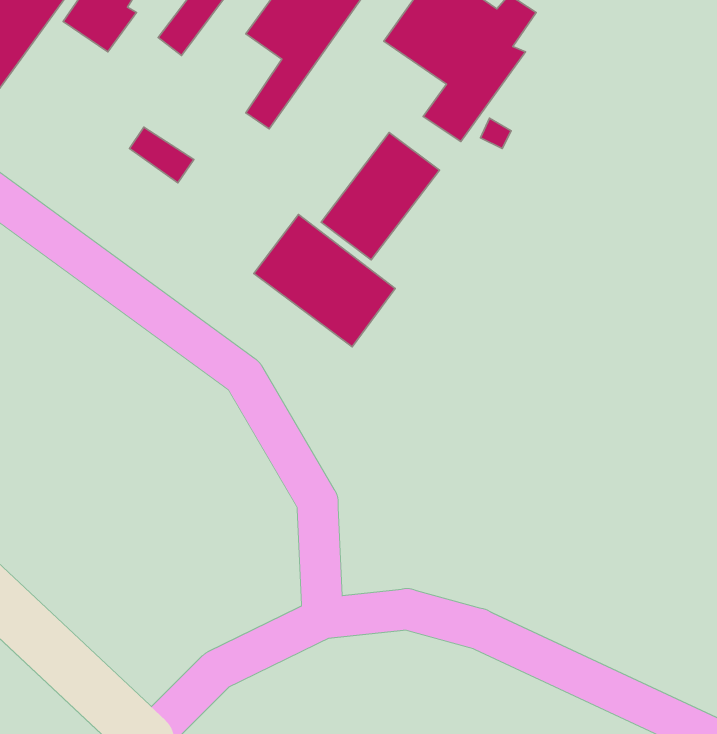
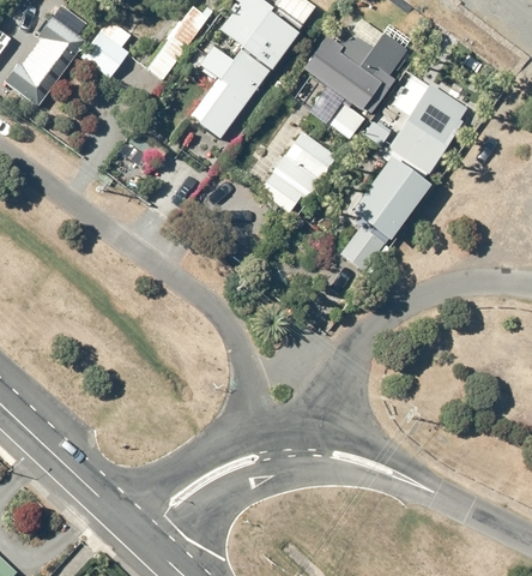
building: none -> [343,80,472,271]
building: [254,214,395,347] -> none

